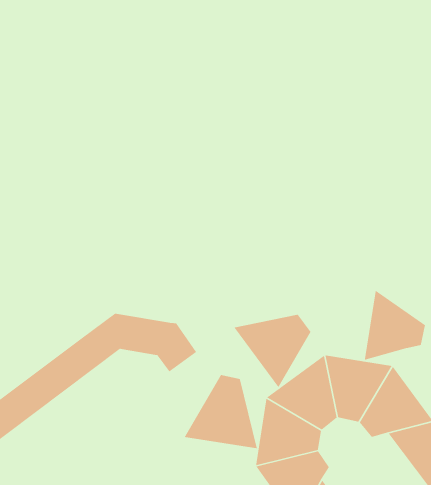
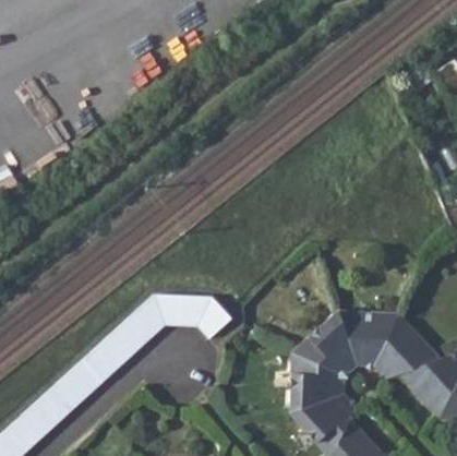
building: [364,290,426,361] -> none
building: [233,314,312,388] -> none
building: [183,374,258,449] -> none

